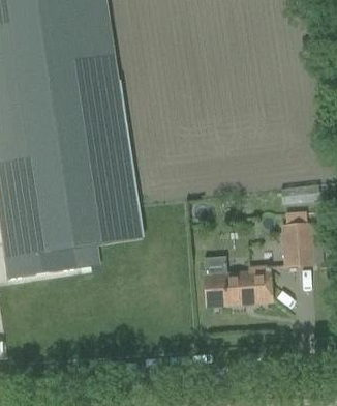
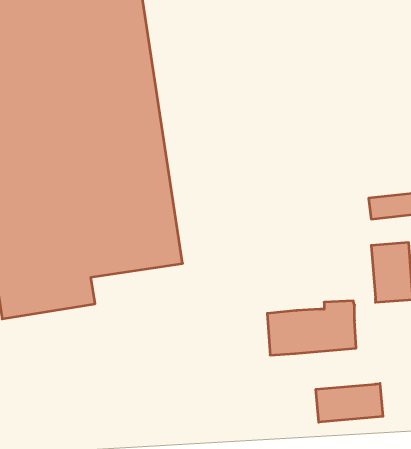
building: none -> [316,383,383,422]

